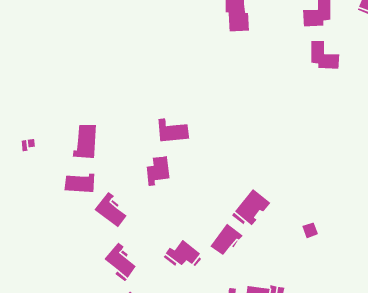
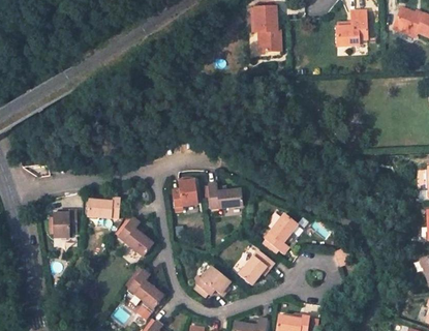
building: [310,40,340,69] -> none
building: [158,117,190,142] -> [208,183,242,209]
building: [72,124,97,159] -> none
building: none -> [52,209,76,237]

